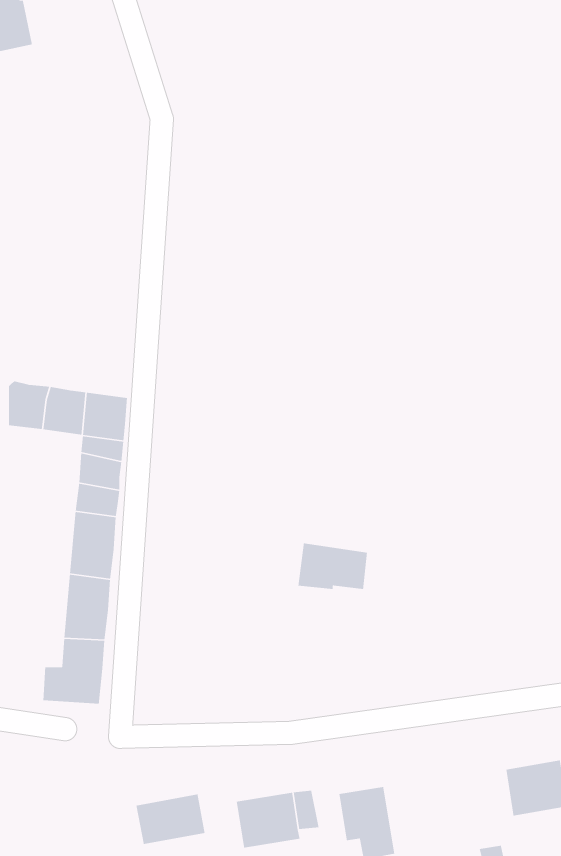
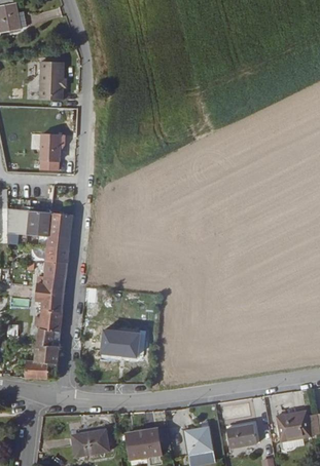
building: none -> [37,63,64,102]
building: none -> [33,133,60,169]
building: [298,543,368,590] -> [103,329,141,355]
building: none -> [228,425,257,450]

